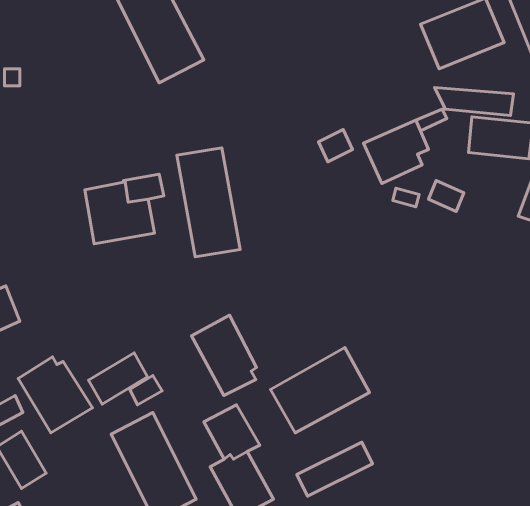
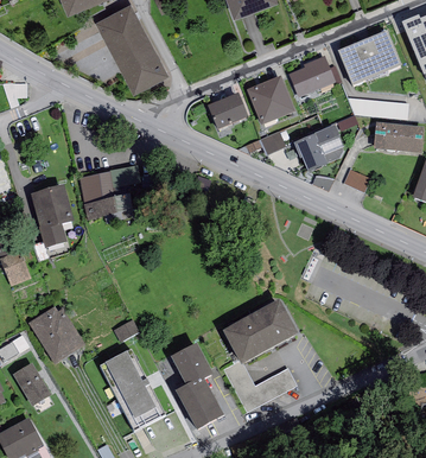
building: none -> [288,55,336,97]
building: none -> [247,75,295,123]
building: none -> [206,93,248,129]
building: [177,148,240,257] -> none
building: none -> [30,183,74,247]
building: [192,315,256,396] -> none
building: [89,353,148,404] -> none

